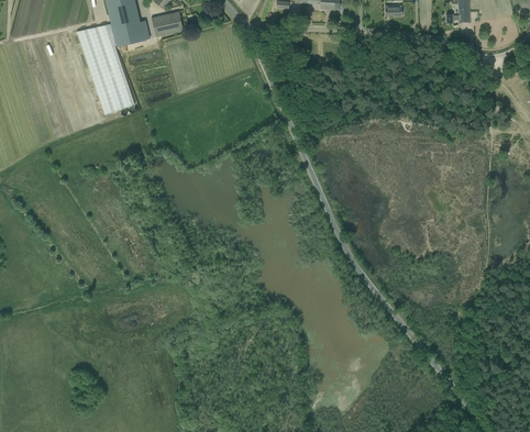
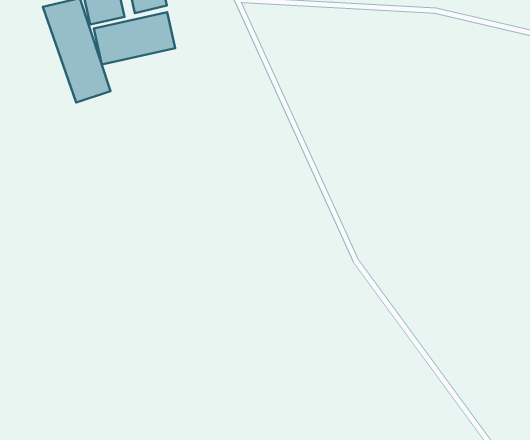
building: none -> [94,12,175,65]

